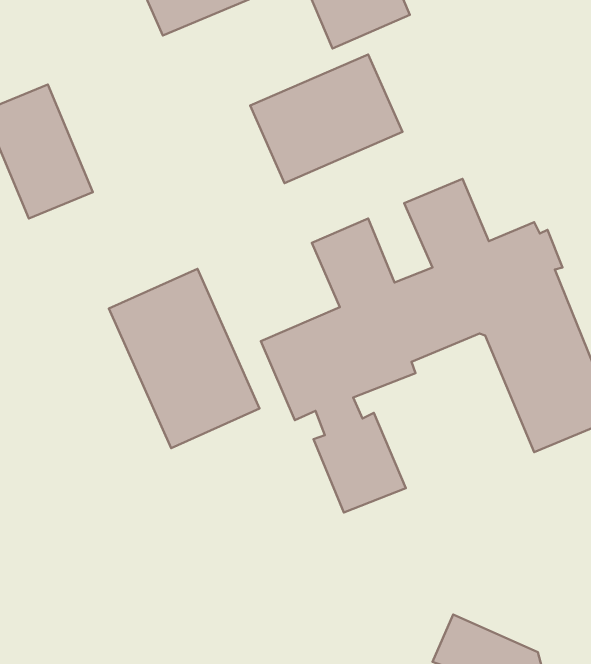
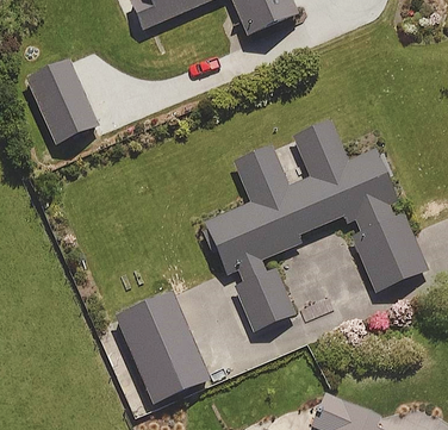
building: [250,54,402,183] -> none
building: [109,269,260,448] -> [114,293,210,406]

